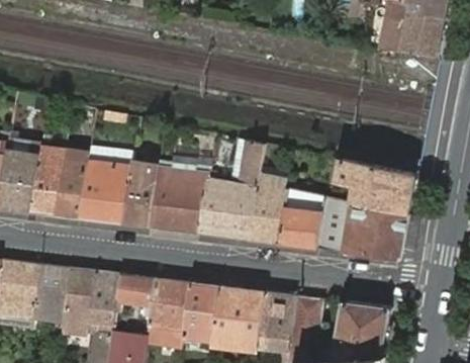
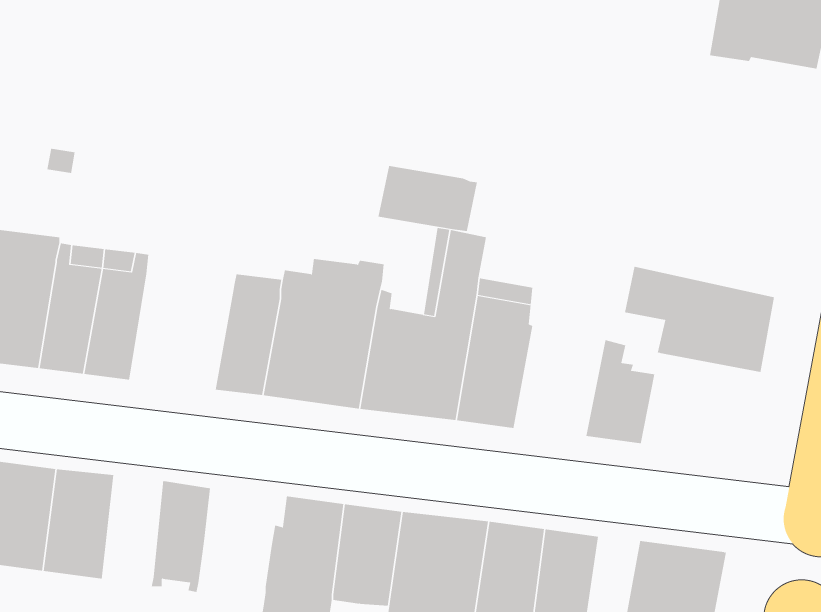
building: none -> [378,165,477,232]
building: [76,163,130,223] -> none
building: [277,190,324,248] -> none
building: [334,200,406,259] -> none
building: [61,268,93,336] -> none
building: [114,275,154,310] -> none

